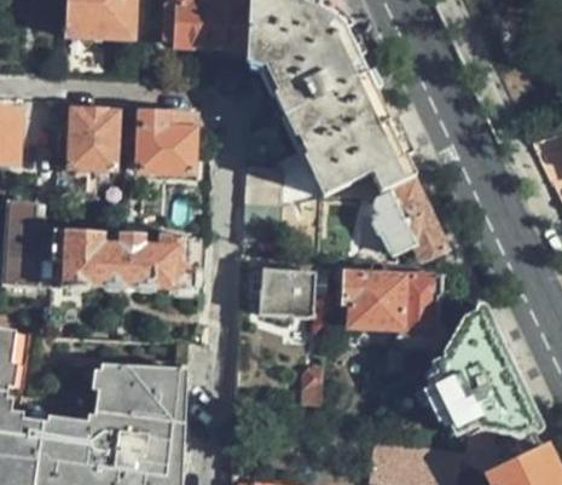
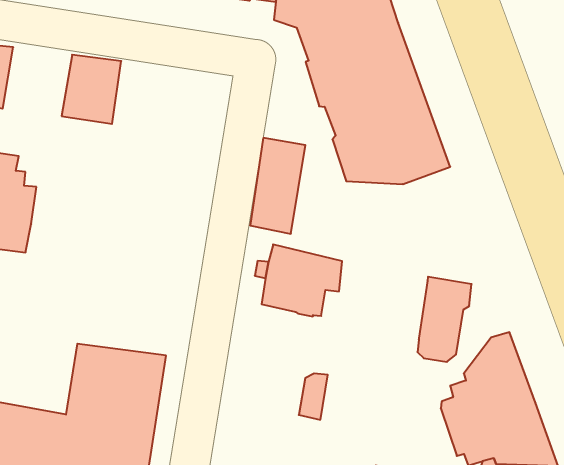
building: [128,111,196,171] -> none
building: [373,178,446,255] -> none
building: [52,227,201,291] -> none
building: [346,271,402,325] -> none

